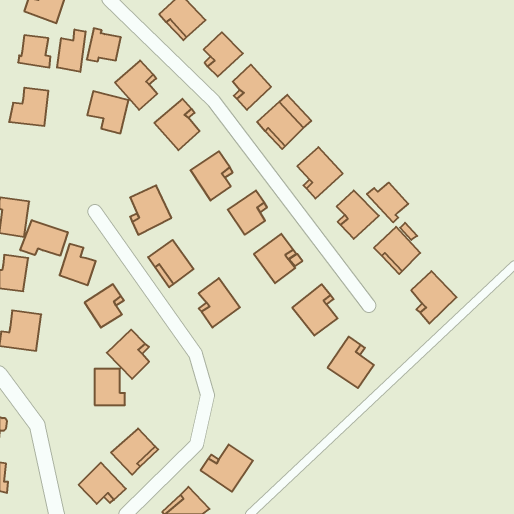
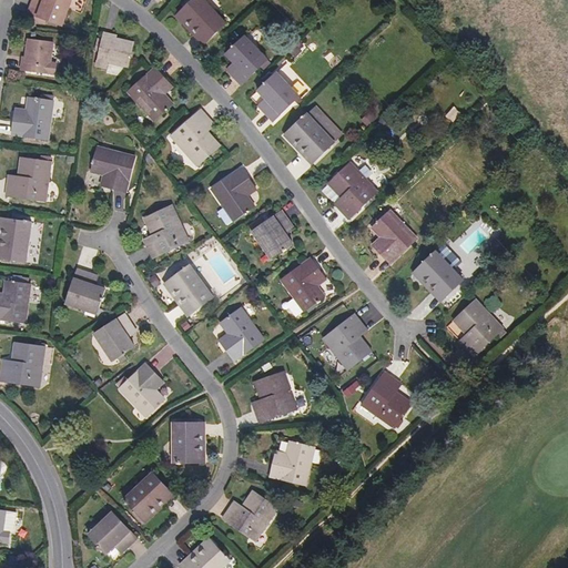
building: [57,29,86,72] -> none
building: [87,91,129,133] -> [90,145,135,192]
building: none -> [6,156,51,201]
building: [367,183,408,222] -> none
building: [20,220,68,256] -> none
building: none -> [253,371,297,422]
building: [95,369,125,405] -> [172,422,205,462]
building: none -> [268,440,315,485]

